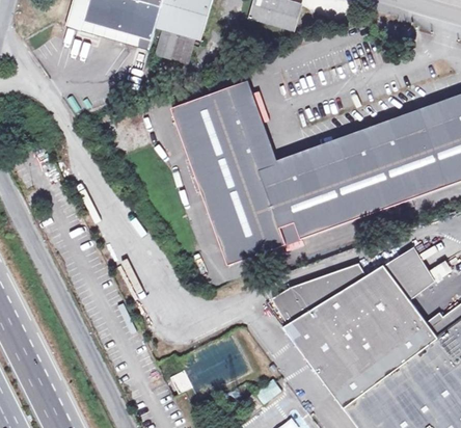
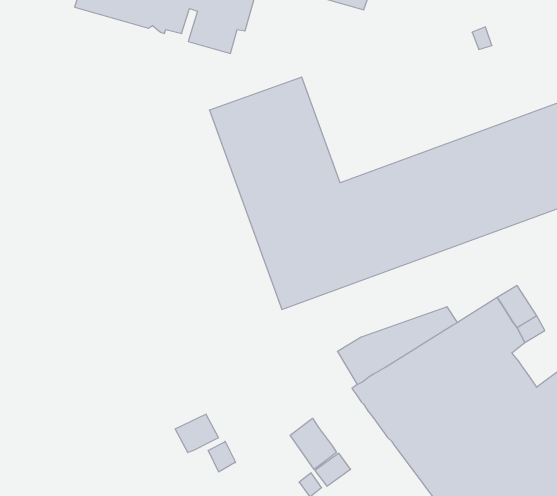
building: none -> [175,414,218,453]
building: none -> [290,418,336,469]

